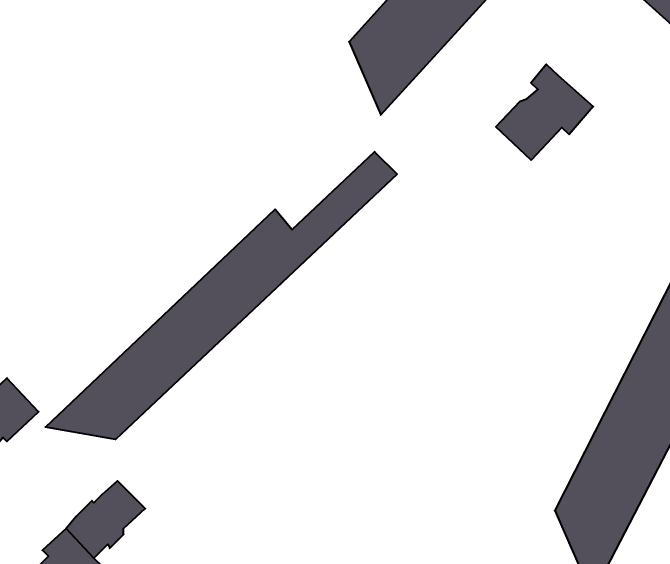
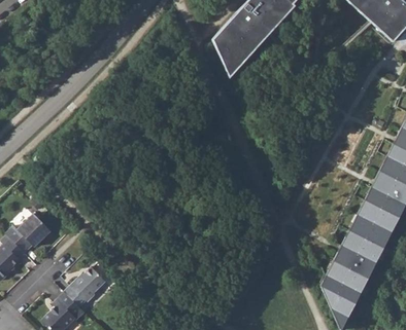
building: [496,64,593,160] -> none
building: [45,152,397,439] -> none

